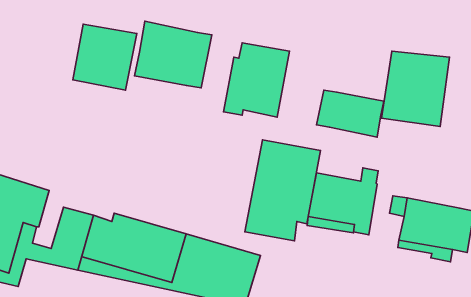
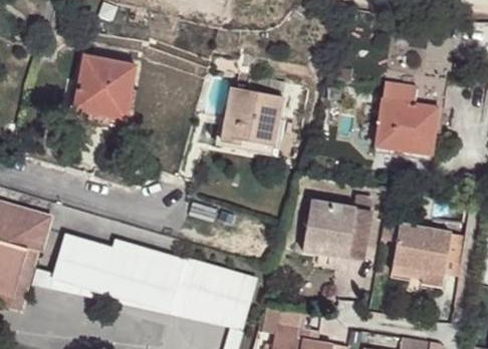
building: [134,21,212,88] -> none
building: [316,90,384,137] -> none
building: [245,140,321,241] -> none

